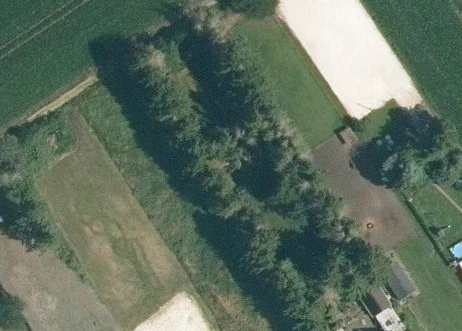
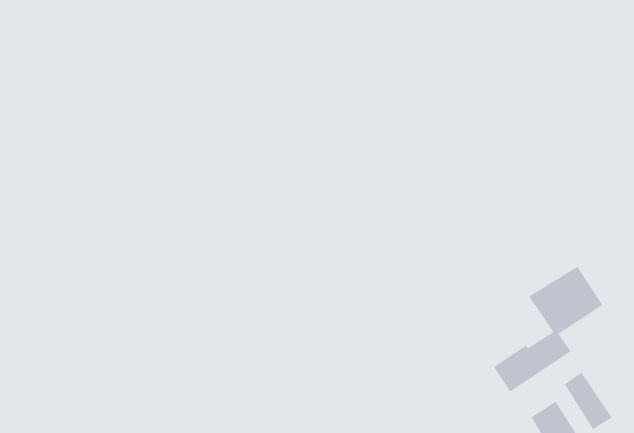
building: none -> [493,266,603,392]

